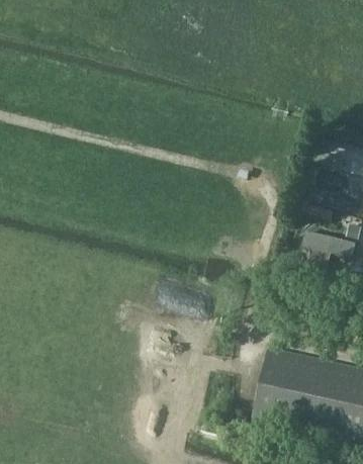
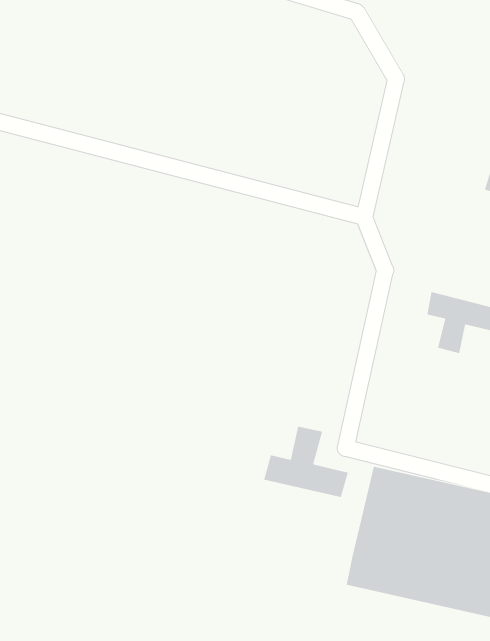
building: none -> [264,426,348,498]

